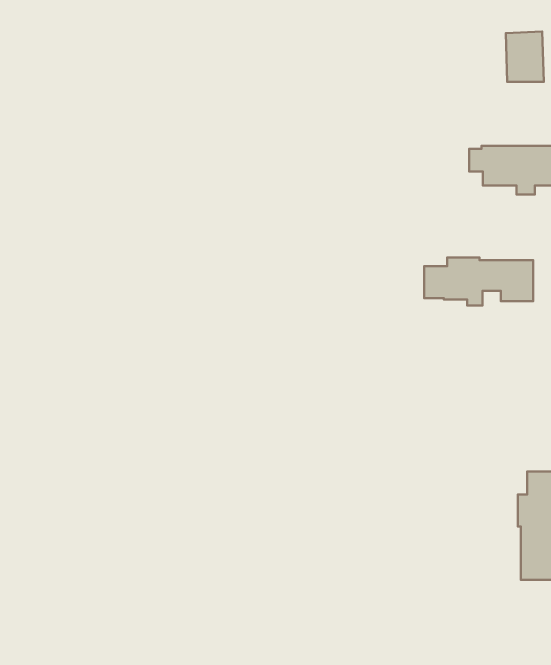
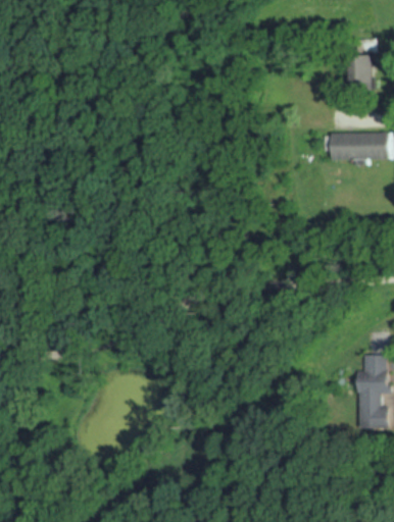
building: [424,257,533,305] -> none

